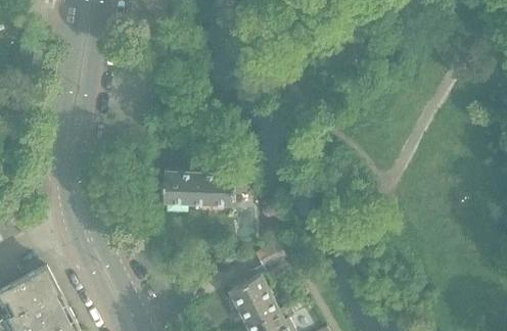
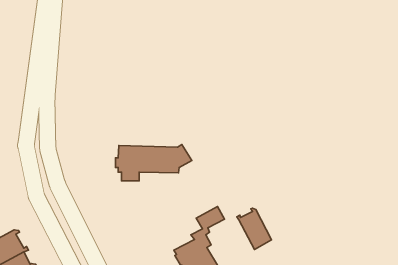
building: none -> [237,208,272,250]

